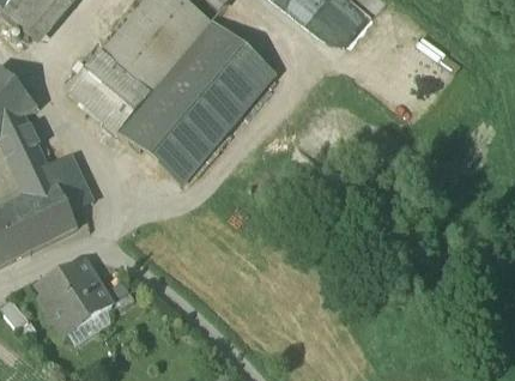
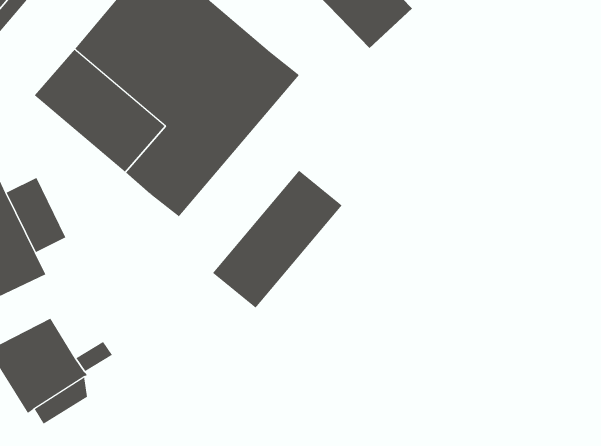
building: none -> [212,170,343,309]

